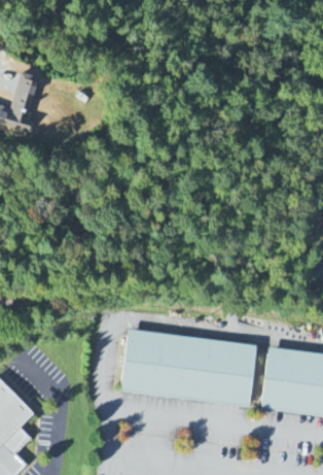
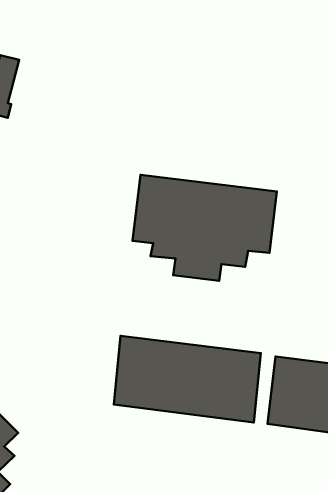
building: none -> [133,175,277,281]

